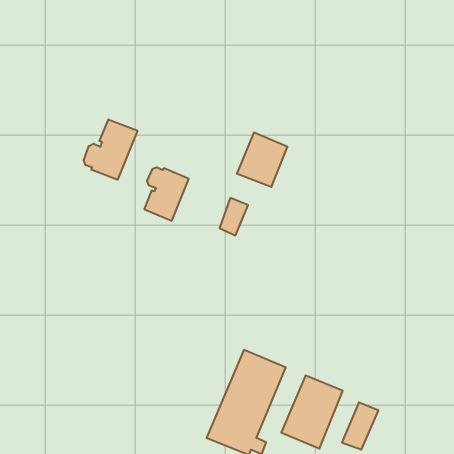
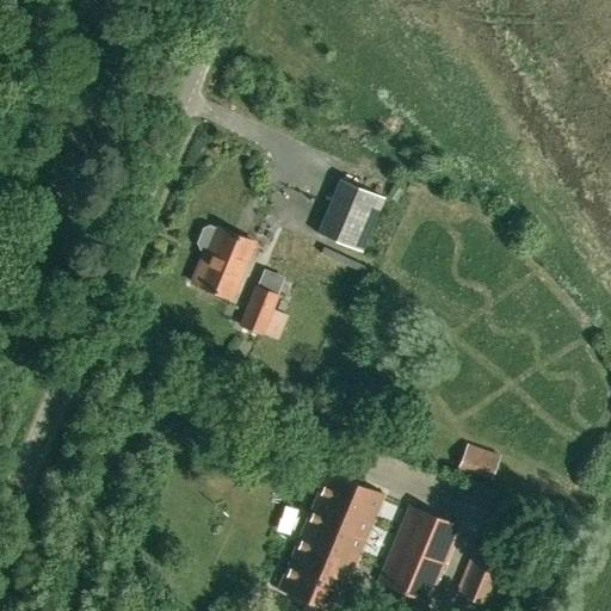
building: [84,119,137,180] -> none
building: [220,198,248,235] -> [241,285,279,335]
building: none -> [458,444,500,480]

